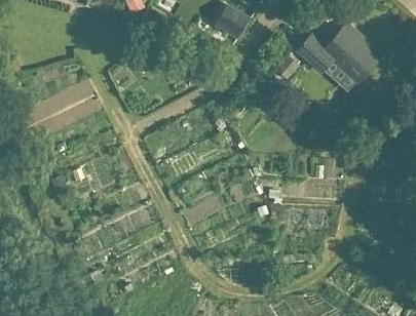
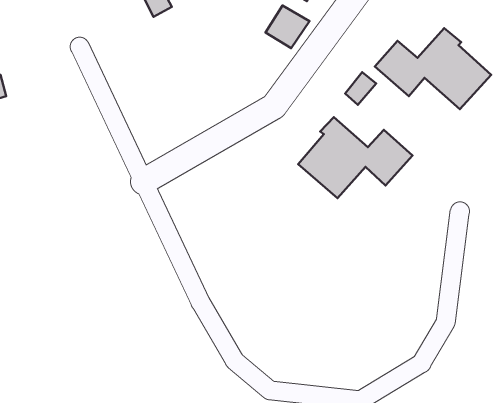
building: none -> [298,117,412,198]

